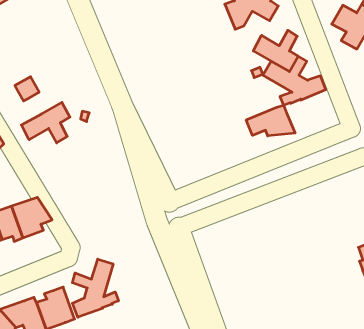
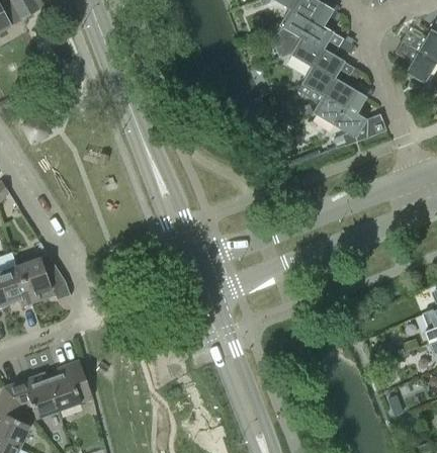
building: none -> [290,30,343,77]
building: [21,102,70,143] -> none
building: [246,105,295,136] -> none
building: [72,259,118,317] -> none

